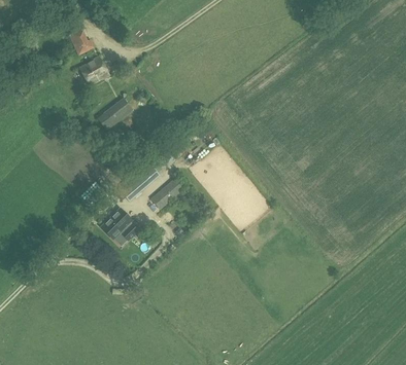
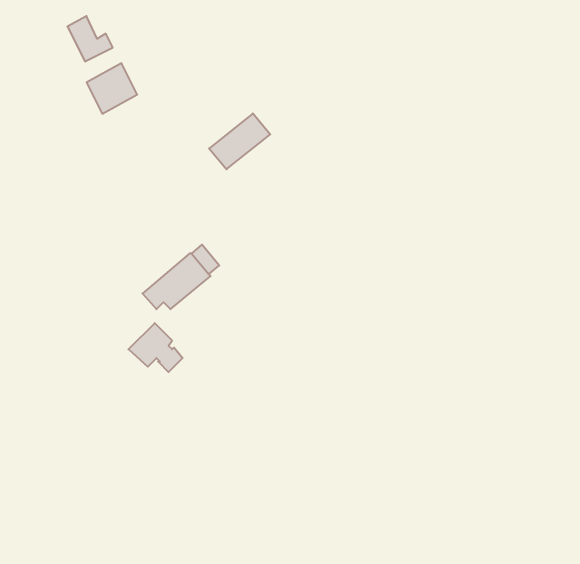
building: [98,98,134,131] -> [209,113,270,169]
building: [151,177,185,210] -> none

